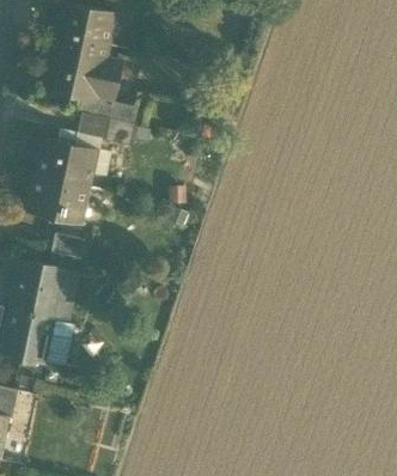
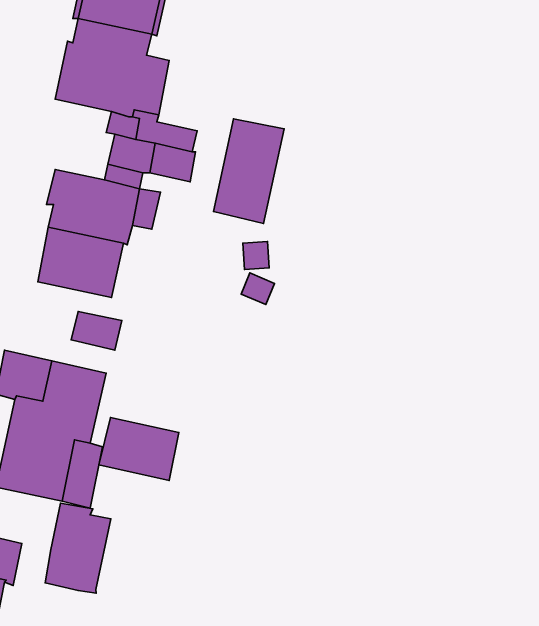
building: none -> [214,119,284,224]
building: none -> [99,417,179,481]
building: none -> [45,503,111,593]

